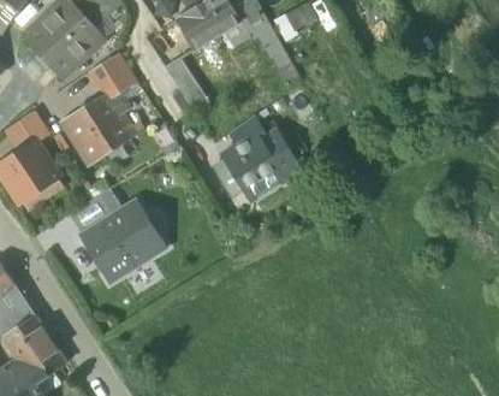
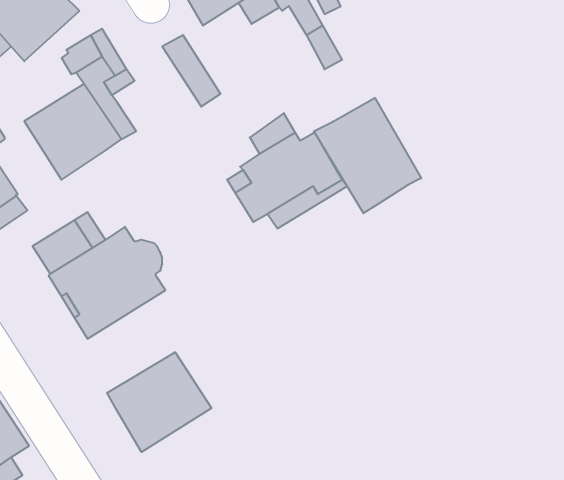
building: none -> [314,98,421,213]
building: none -> [107,352,211,452]

